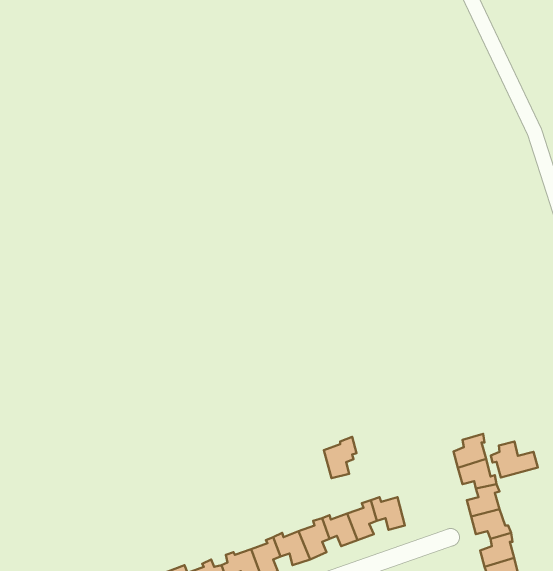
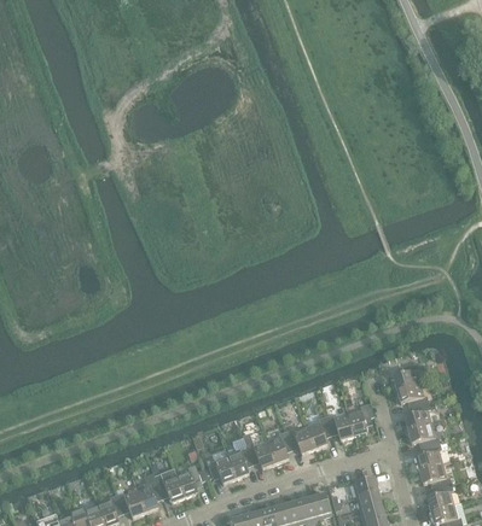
building: [324,437,356,478] -> [345,402,372,436]
building: [491,441,538,478] -> none

